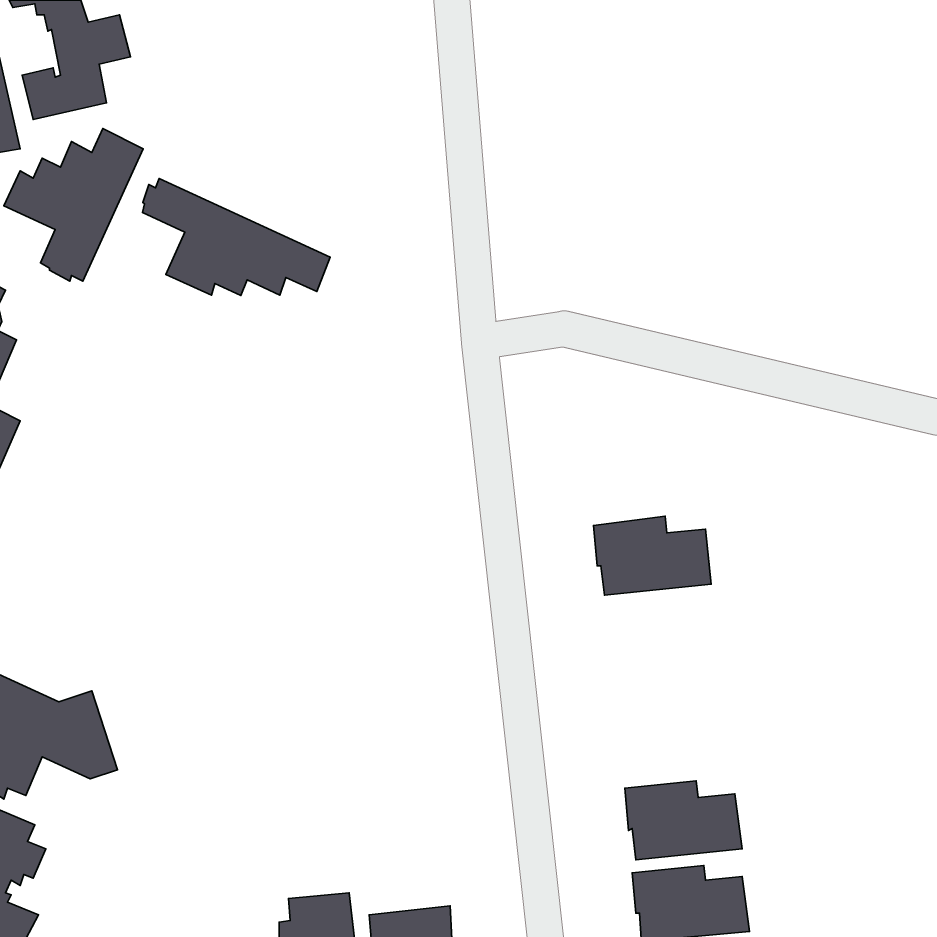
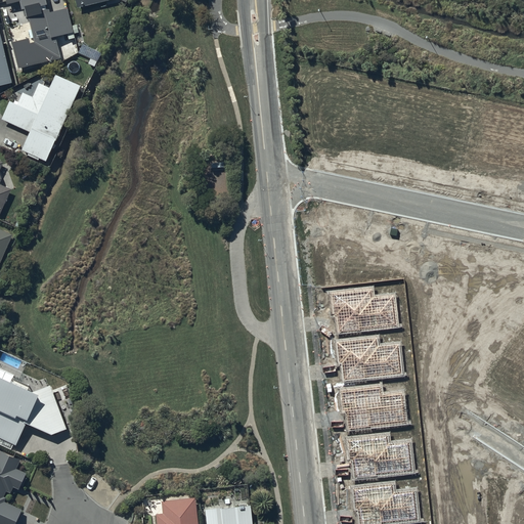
building: [142,179,330,295] -> none
building: none -> [336,339,401,383]
building: none -> [339,387,404,431]

